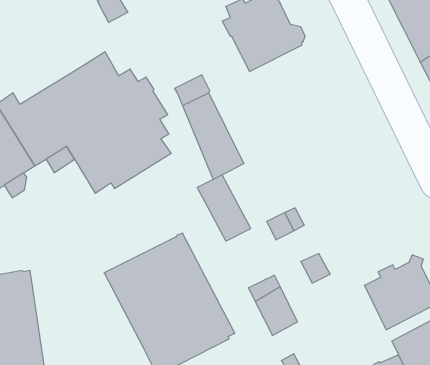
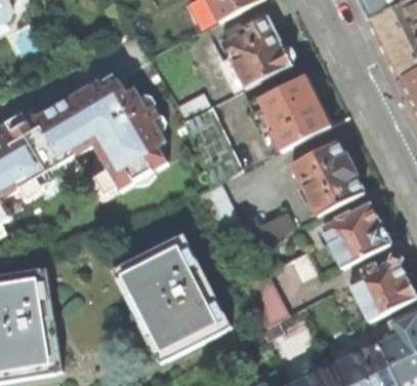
building: none -> [251,74,330,150]
building: none -> [291,139,363,214]
building: none -> [321,201,389,266]

